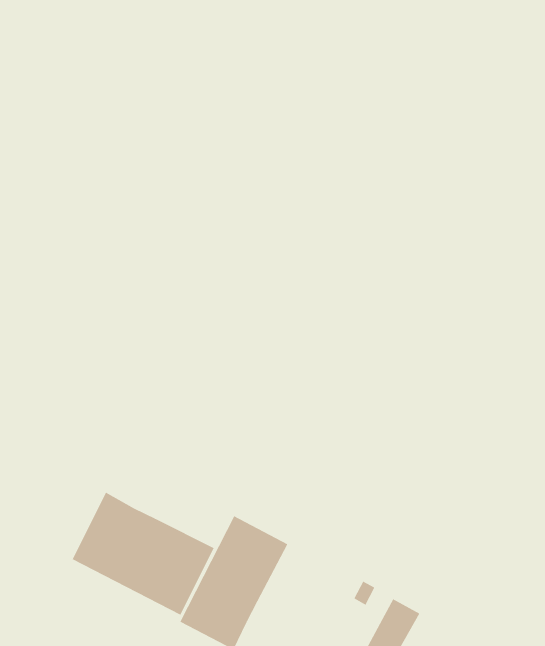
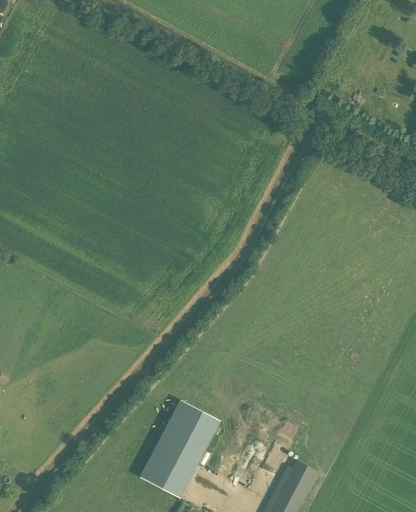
building: [72,492,215,615] -> none

